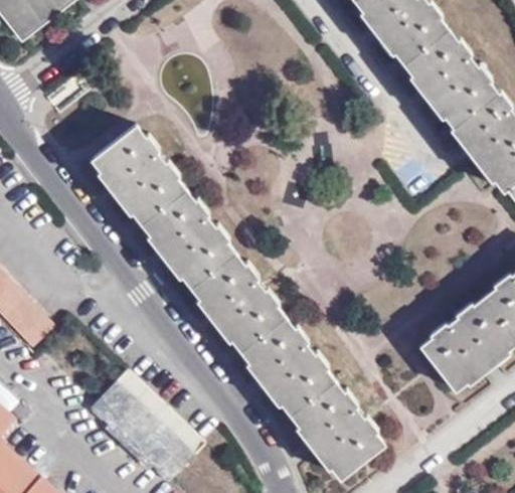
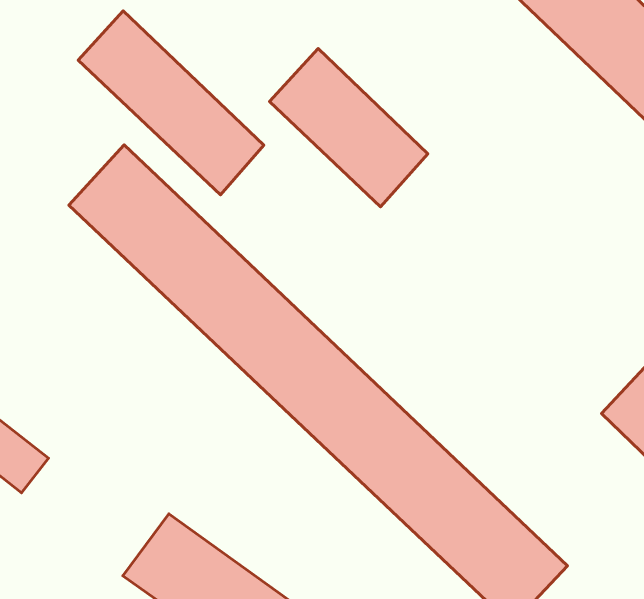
building: none -> [78,11,264,195]
building: none -> [269,49,428,207]

